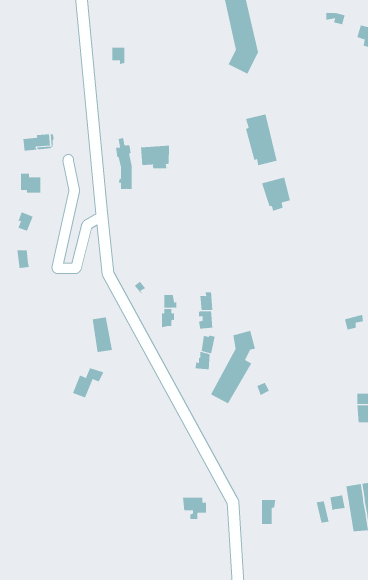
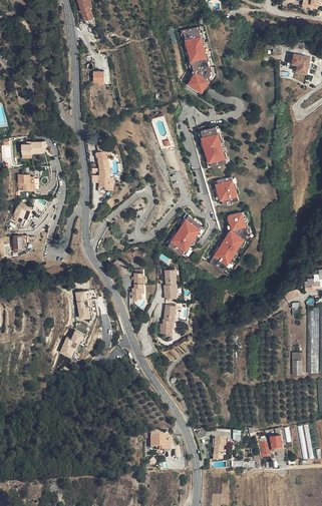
building: [141,145,169,169] -> none
building: none -> [168,213,204,255]
building: [210,330,256,404] -> [210,210,247,271]

